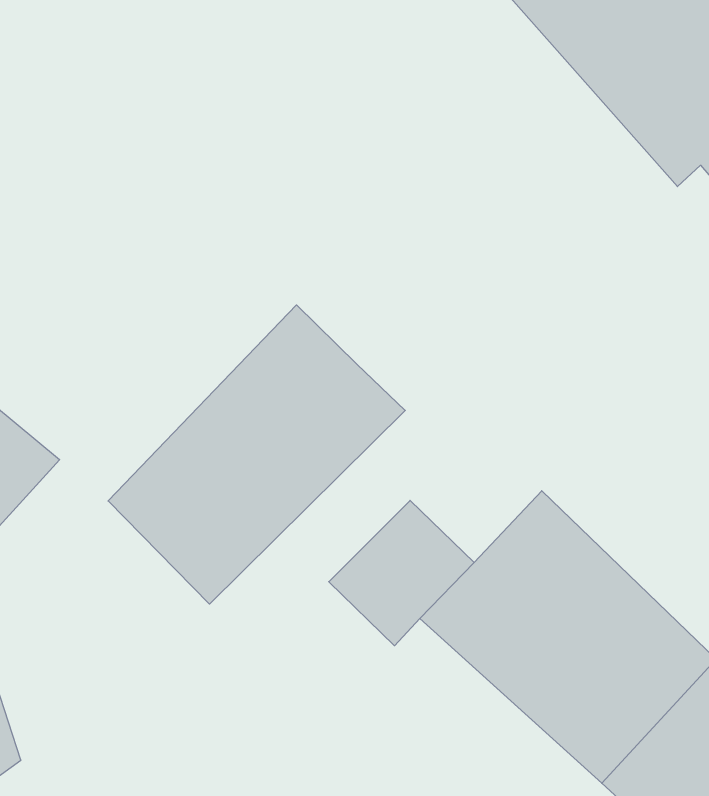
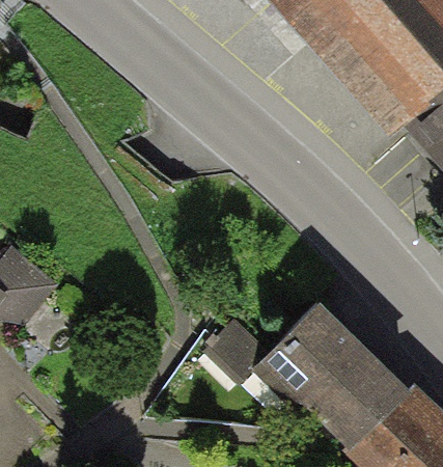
building: [108,305,405,604] -> none

